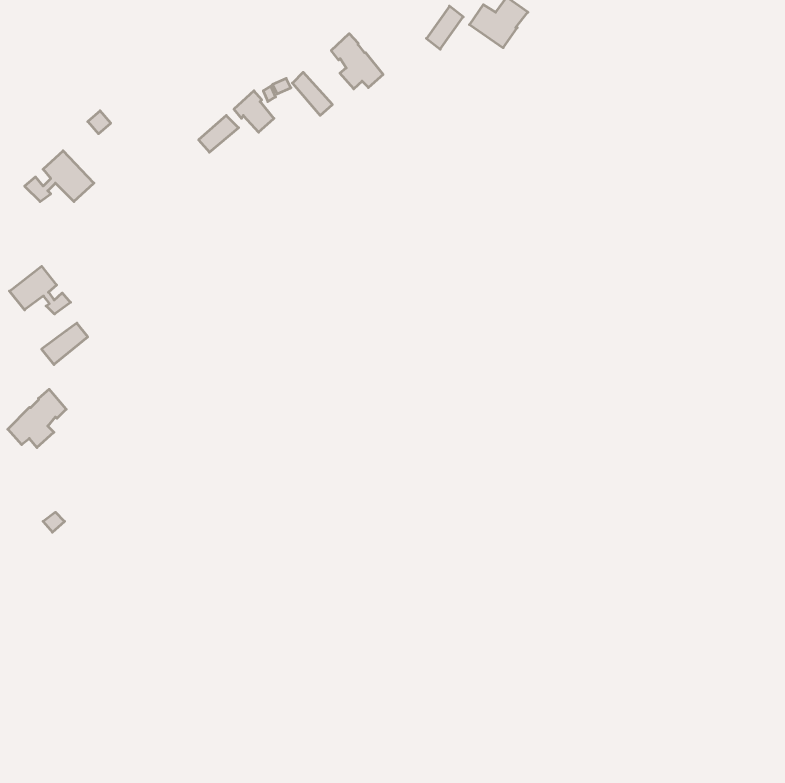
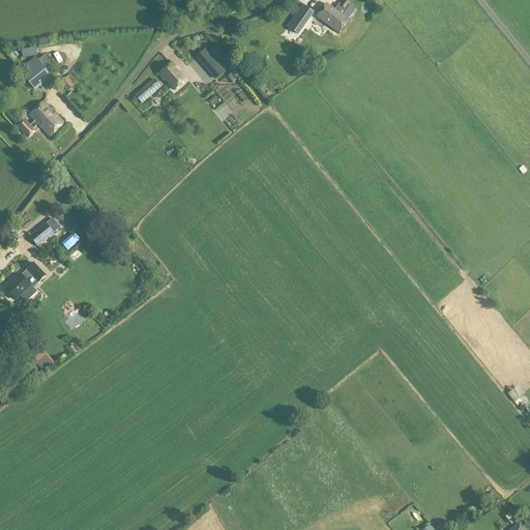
building: [331,34,383,89] -> none
building: none -> [17,56,49,89]
building: [9,266,71,314] -> none

